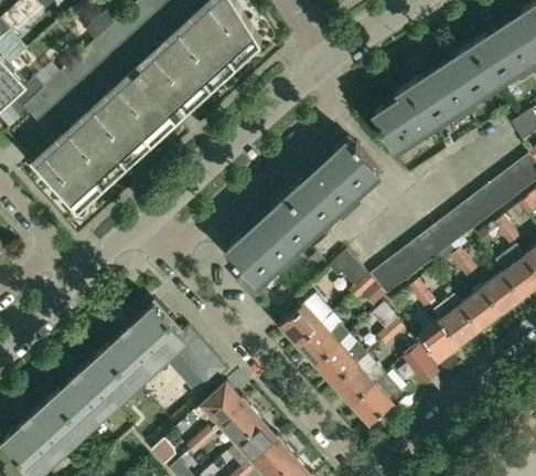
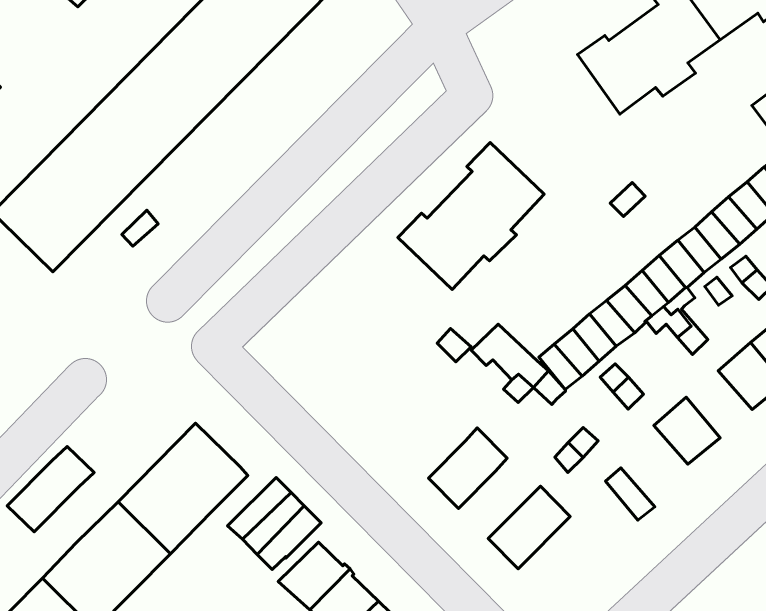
building: [372,87,428,148] -> none
building: [226,195,318,302] -> none
building: [460,289,501,331] -> none
building: [278,297,331,347] -> none
building: none -> [7,447,94,532]
building: [418,321,459,363] -> none
building: [161,327,202,370] -> none
building: [314,345,366,387] -> none
building: [350,375,401,426] -> none

